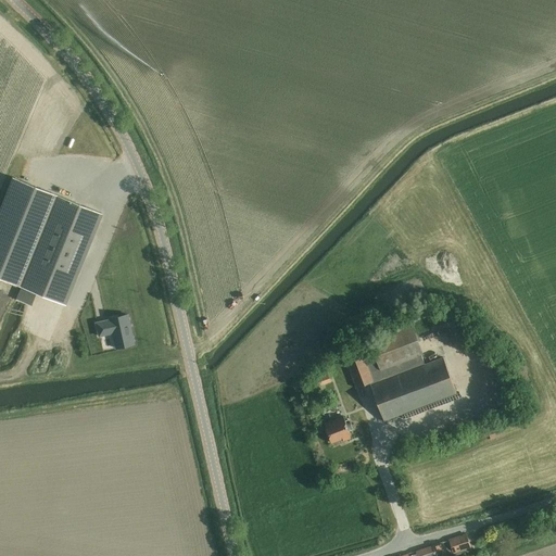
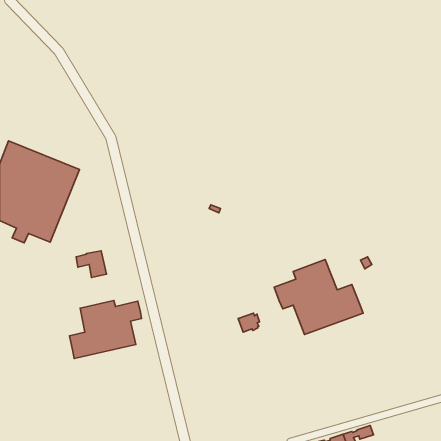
building: none -> [70,301,141,359]
building: [324,419,351,443] -> [238,313,260,332]

